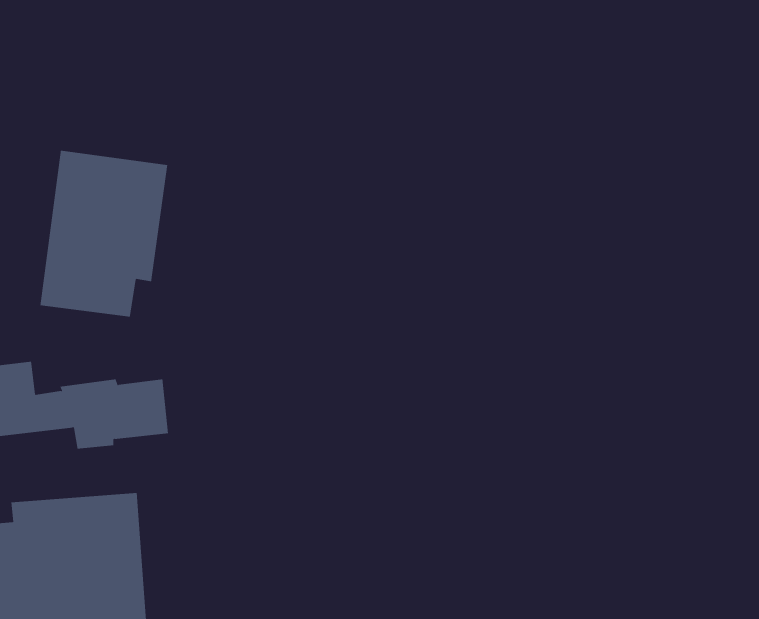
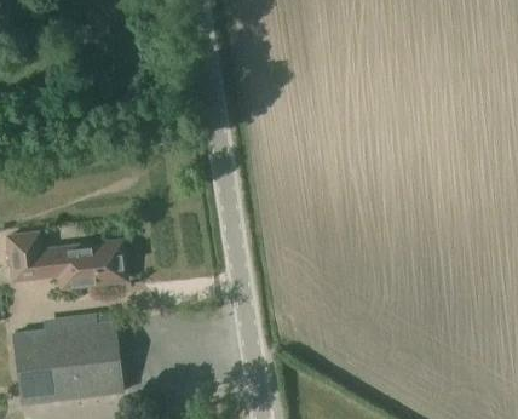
building: [40,150,168,317] -> none

